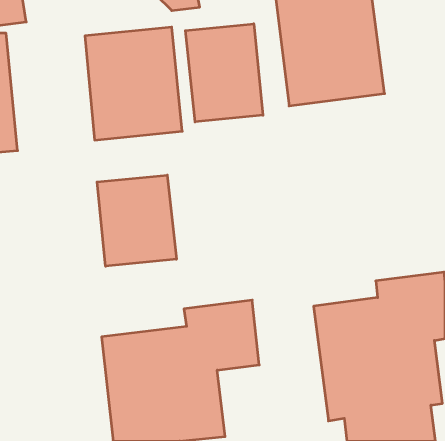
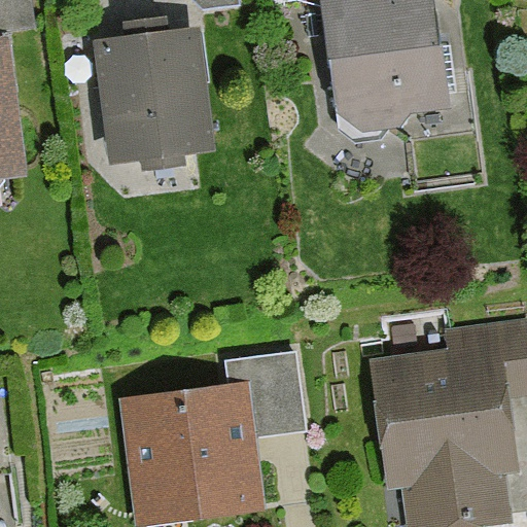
building: [185,24,263,122] -> none
building: [97,175,176,266] -> none

